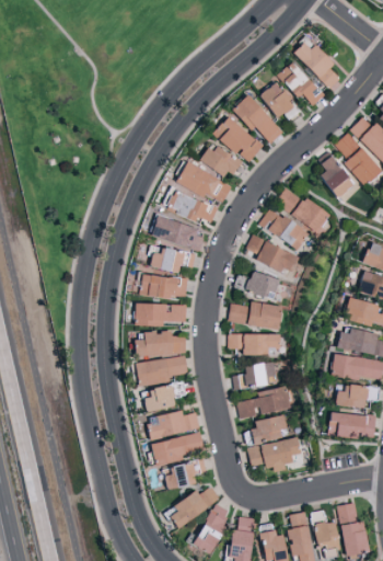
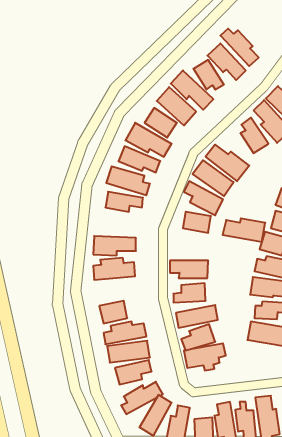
building: [142,274,189,298] -> none
building: [229,300,282,330] -> [223,218,265,242]
building: [136,355,189,385] -> none

